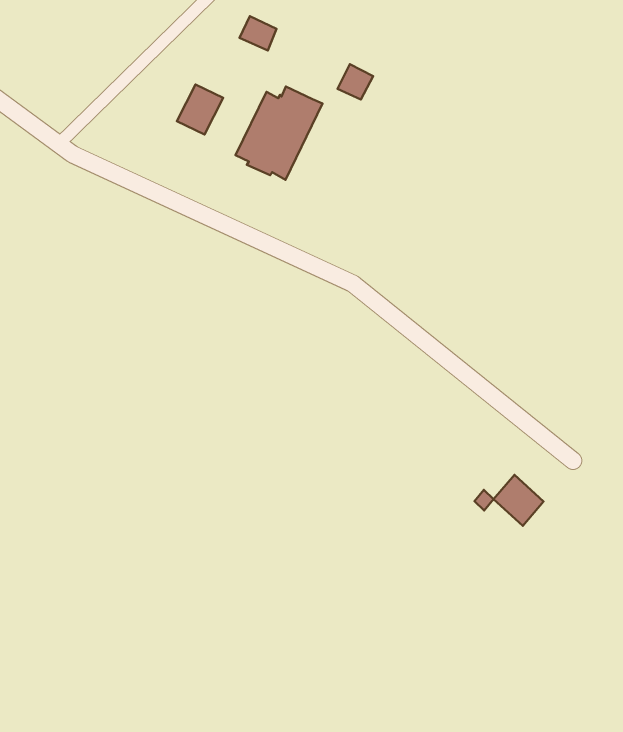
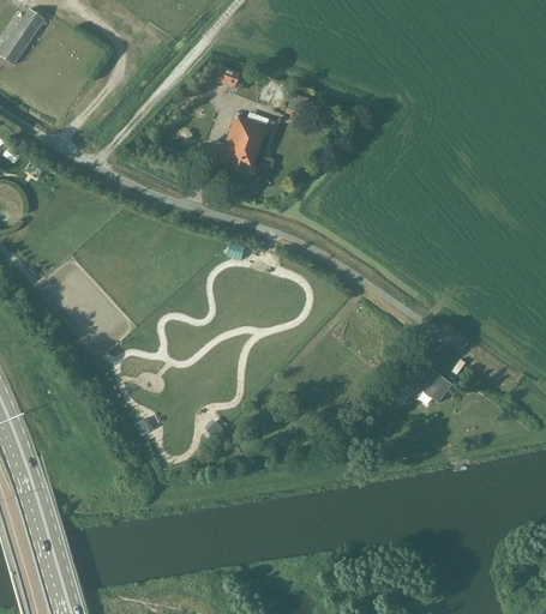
building: [177,84,223,134] -> none

